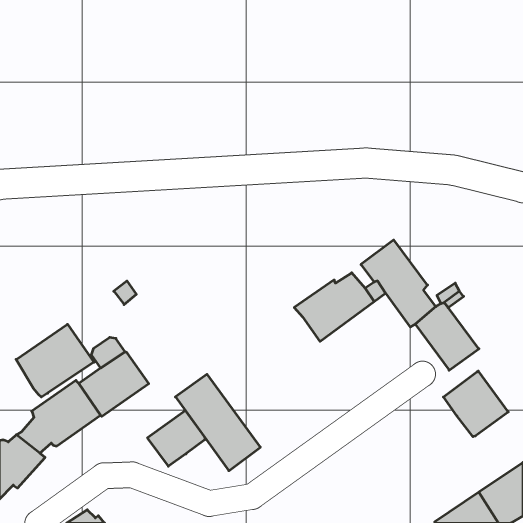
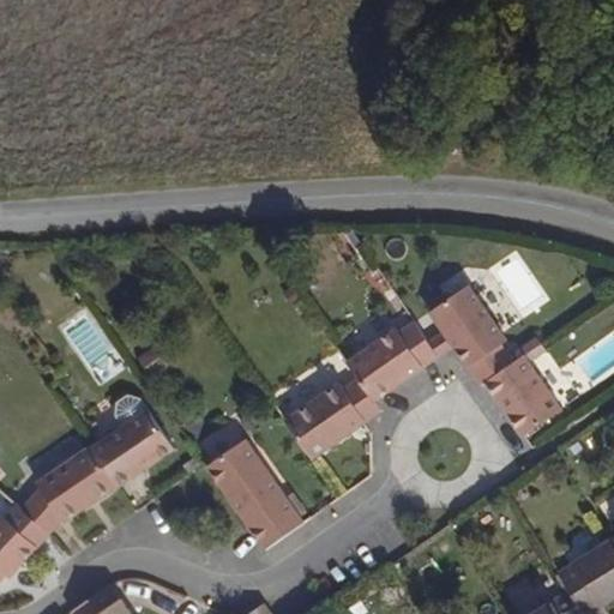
building: none -> [282,371,380,457]
building: [16,324,94,397] -> none
building: [443,371,508,437] -> none
building: [148,410,205,466] -> none

